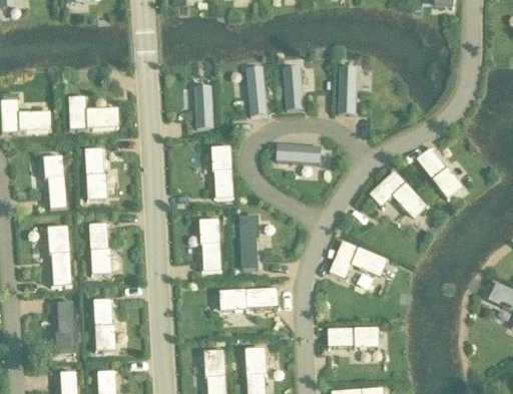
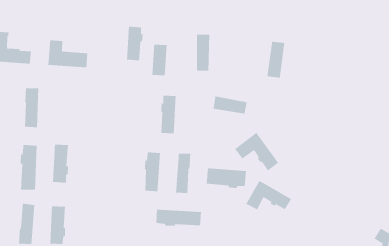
building: [283,67,303,108] -> none
building: none -> [126,26,143,61]
building: [415,145,458,195] -> none
building: [83,147,104,196] -> none
building: [370,169,427,217] -> [234,132,279,171]
building: none -> [206,168,247,189]

